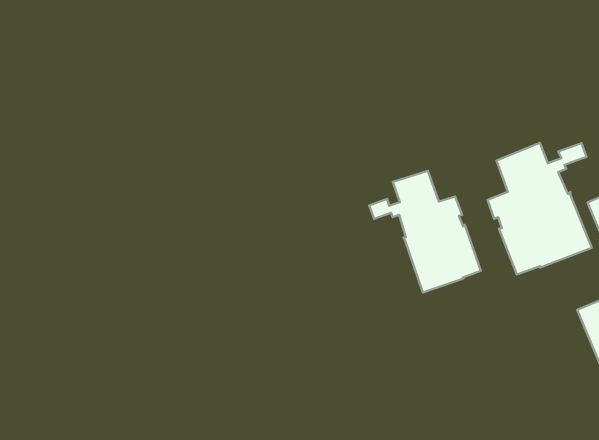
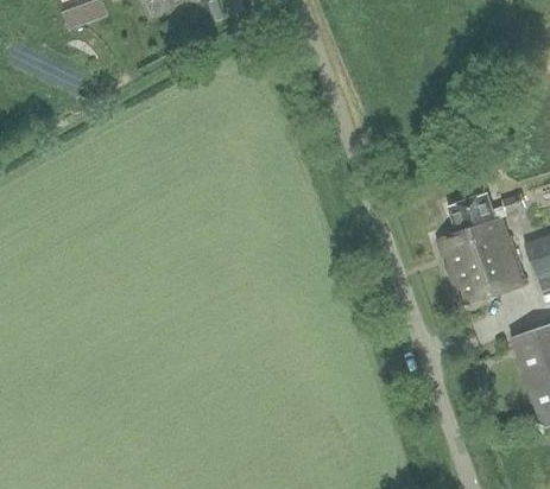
building: [369,171,481,293] -> none

